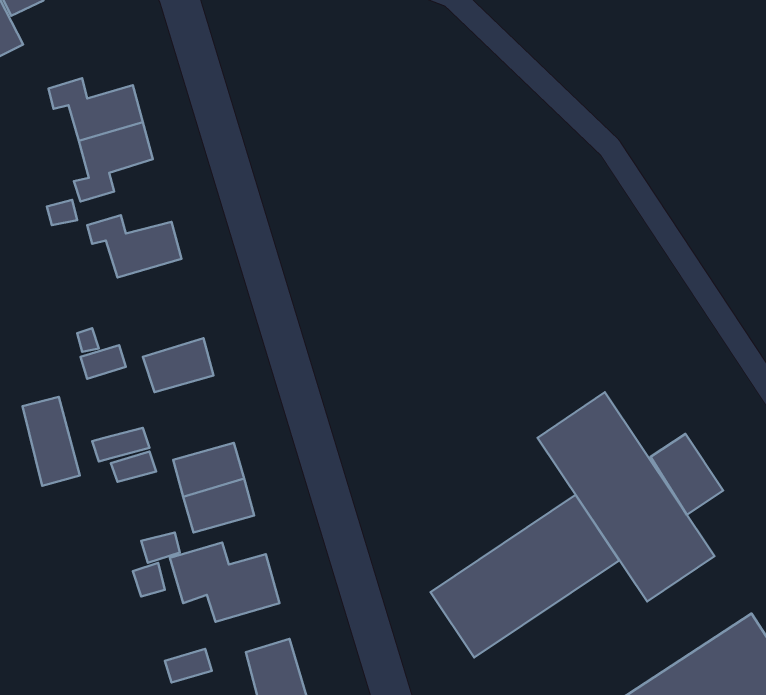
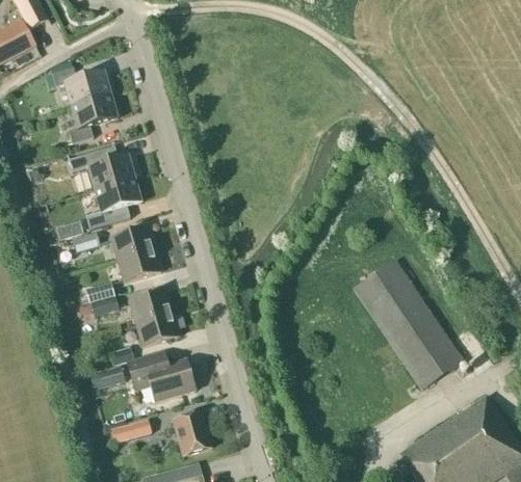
building: none -> [92,178,140,226]
building: none -> [118,249,161,282]
building: [23,397,80,486] -> none
building: [650,434,723,515] -> none
building: [431,495,619,658] -> none

